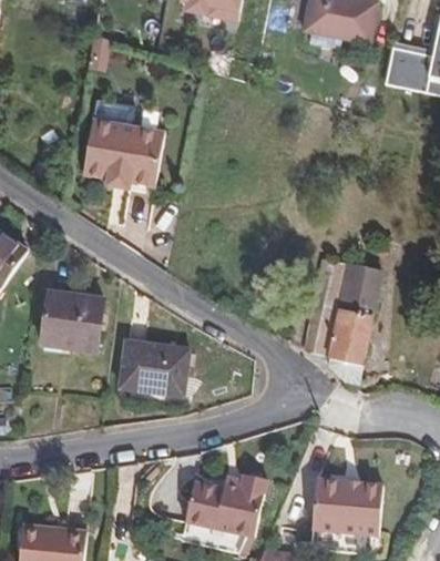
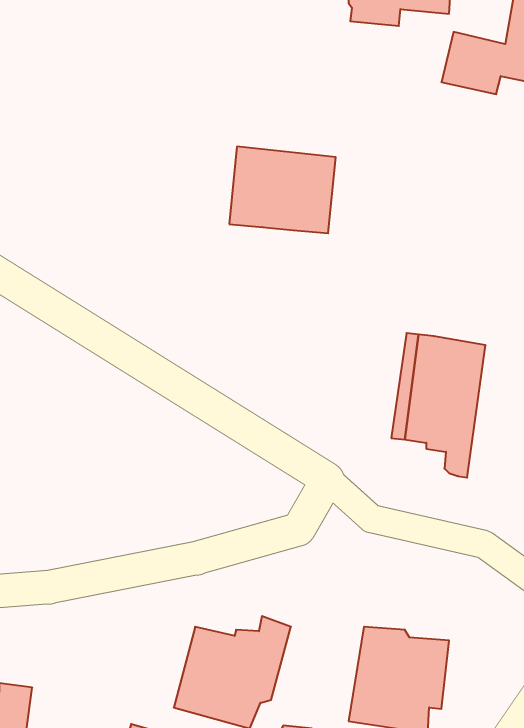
building: [94,111,172,174] -> [229,147,336,233]
building: [52,292,103,347] -> none
building: [123,336,193,387] -> none

